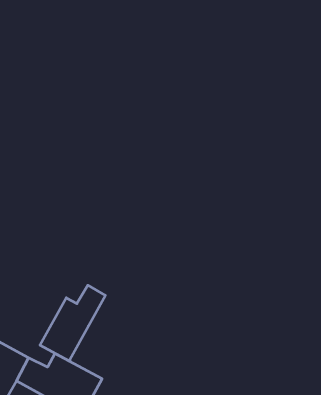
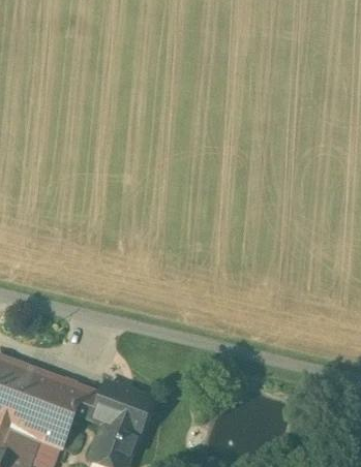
building: [40,285,105,361] -> none

